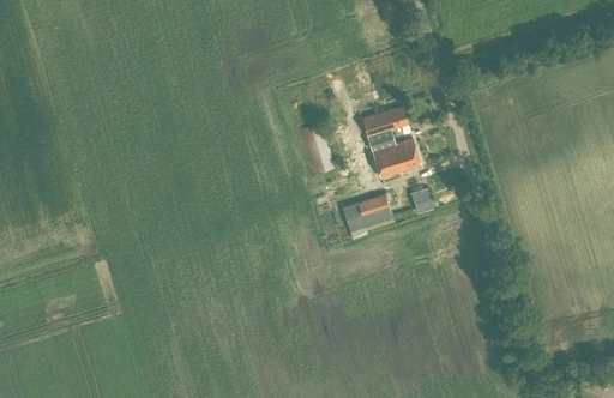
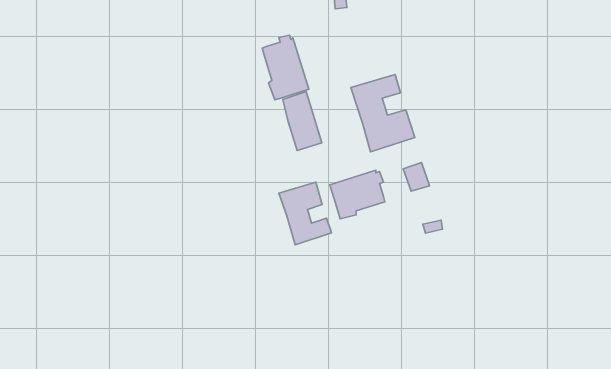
building: none -> [262,35,309,100]
building: none -> [279,182,331,245]

